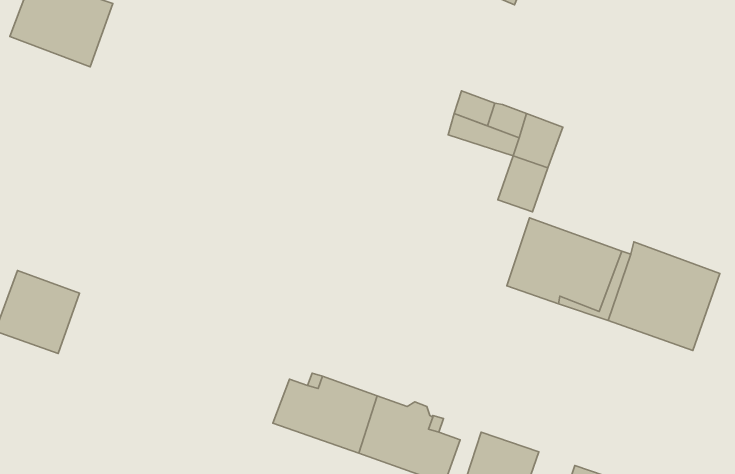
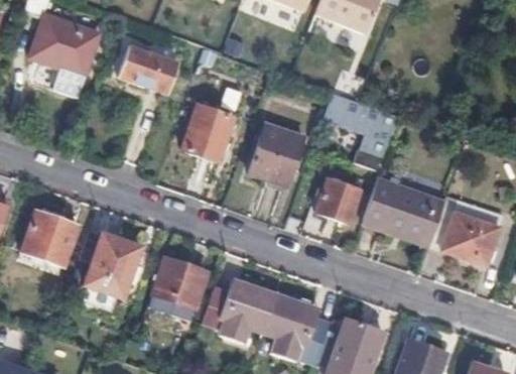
building: none -> [118,45,176,93]
building: none -> [182,105,233,161]
building: none -> [248,122,303,185]
building: none -> [314,178,359,223]
building: none -> [79,231,140,299]
building: none -> [149,258,206,321]

